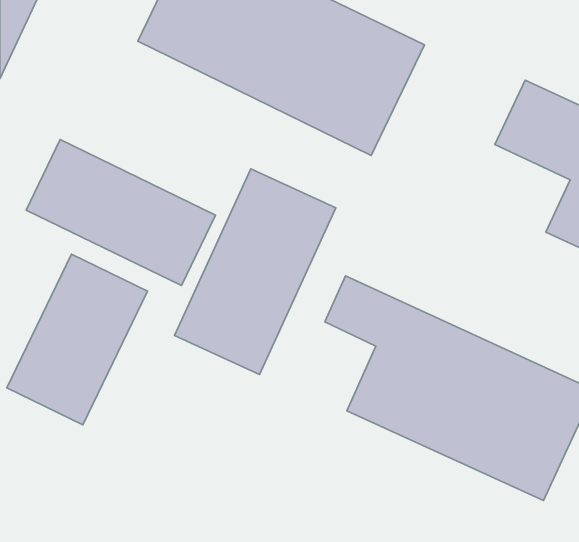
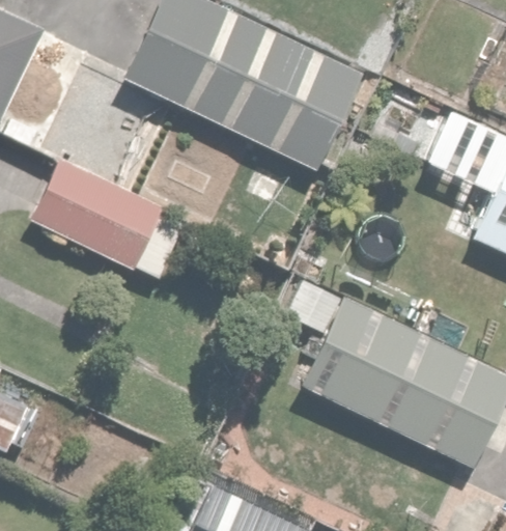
building: [175,169,336,374] -> none
building: [7,254,148,425] -> none

